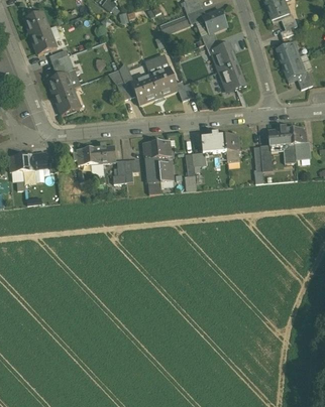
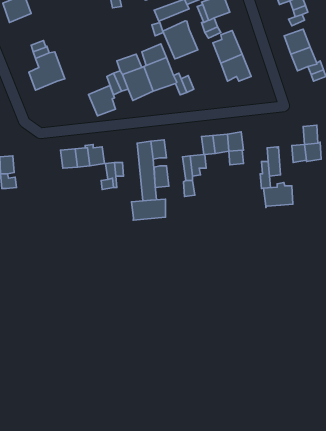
building: [29,26,56,53] -> none
building: none -> [163,21,198,59]
building: [52,87,77,114] -> [89,85,116,116]
building: [266,124,293,146] -> [264,183,293,207]
building: none -> [132,199,165,220]

